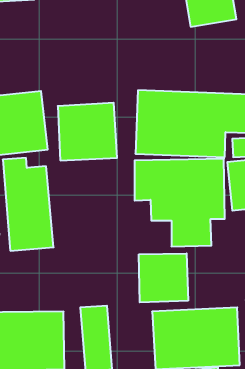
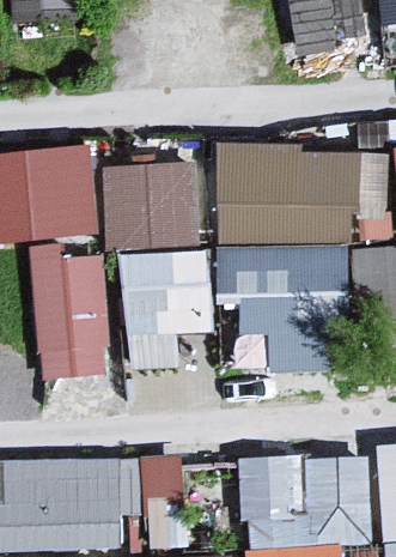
building: none -> [120,247,214,368]
building: [139,253,188,302] -> none

